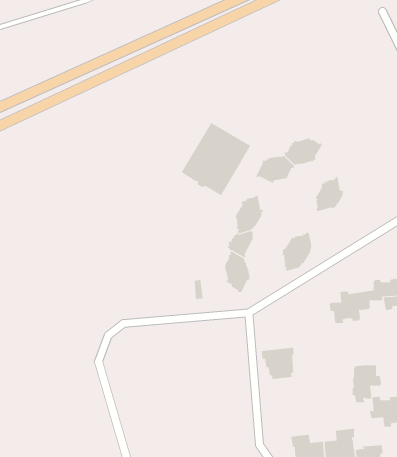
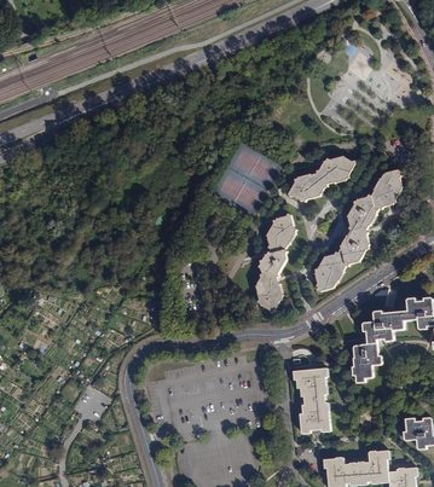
building: none -> [371,168,403,209]
building: none -> [338,227,369,266]
building: [352,365,382,403] -> [352,343,382,382]
building: none -> [299,398,330,434]

